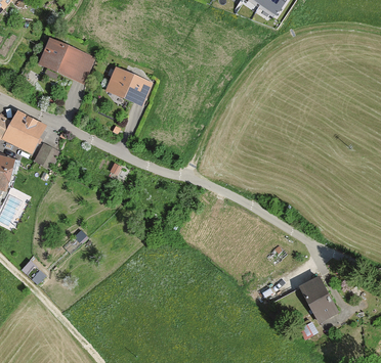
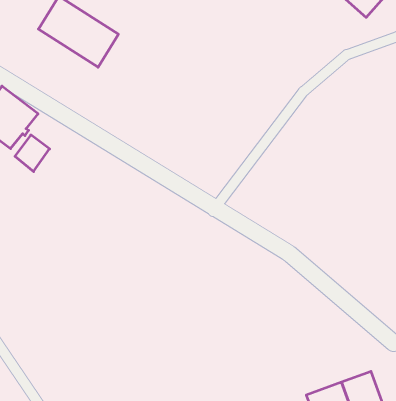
building: [103,64,155,107] -> none

